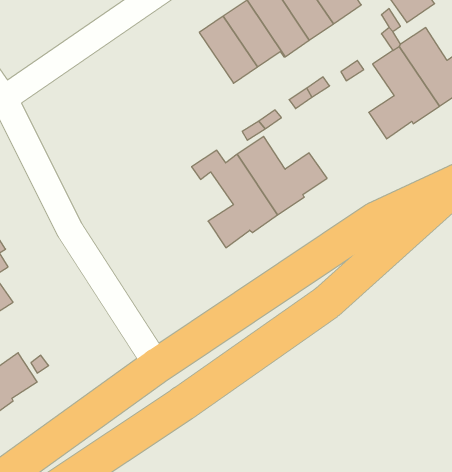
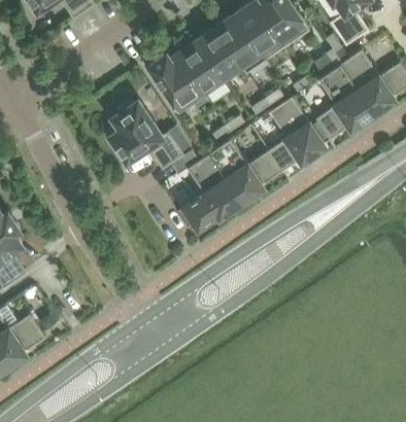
building: none -> [150,55,205,108]
building: none -> [267,98,325,173]
building: none -> [110,102,192,170]

